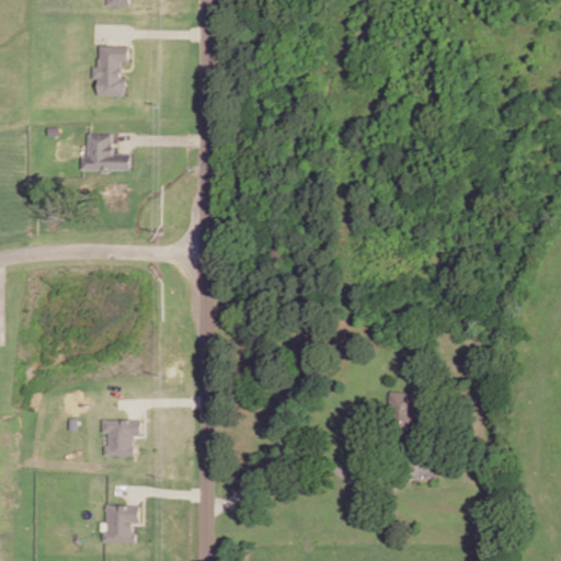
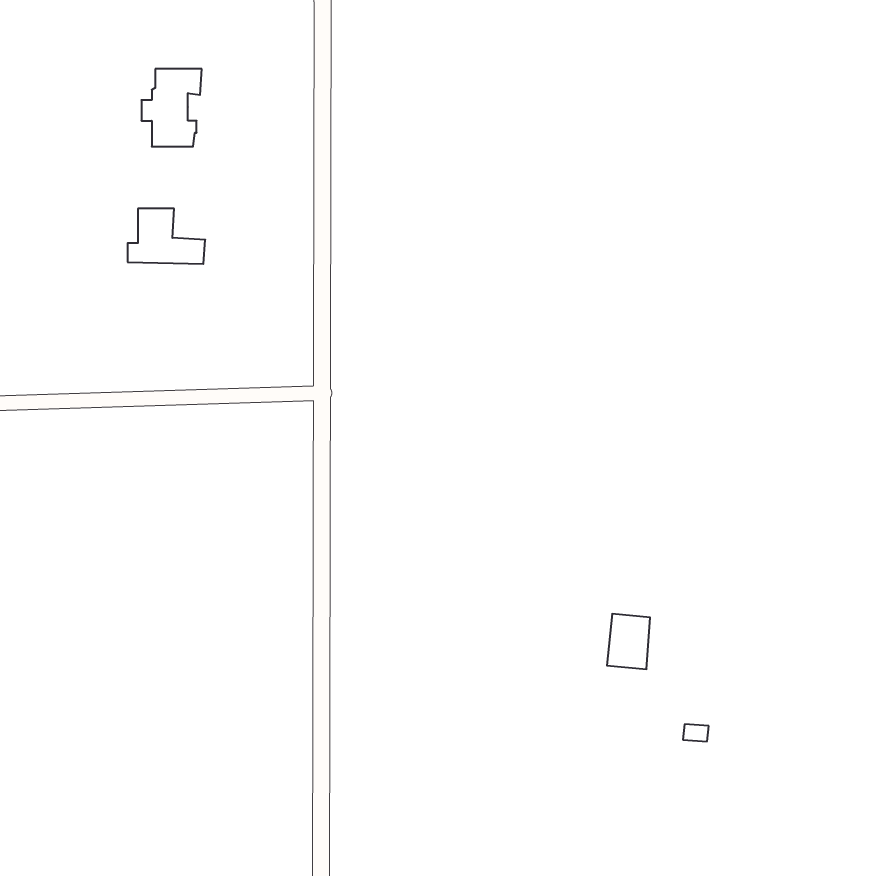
building: [103,420,140,455] -> none
building: [102,506,138,542] -> none

